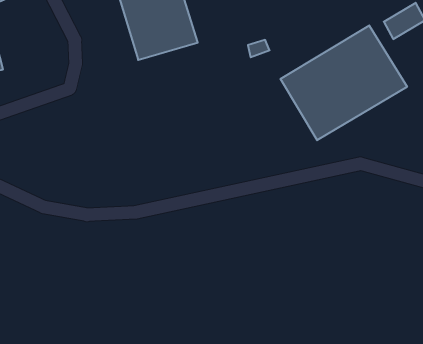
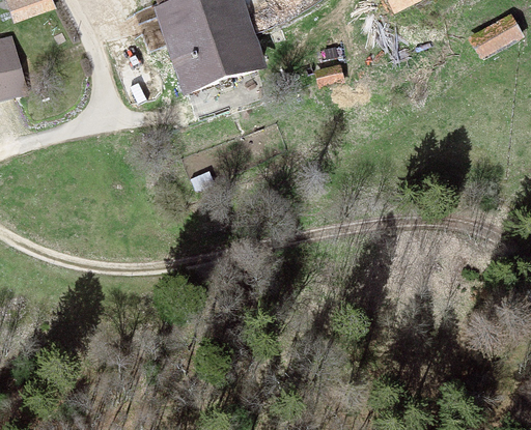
building: [281,25,407,140] -> none

